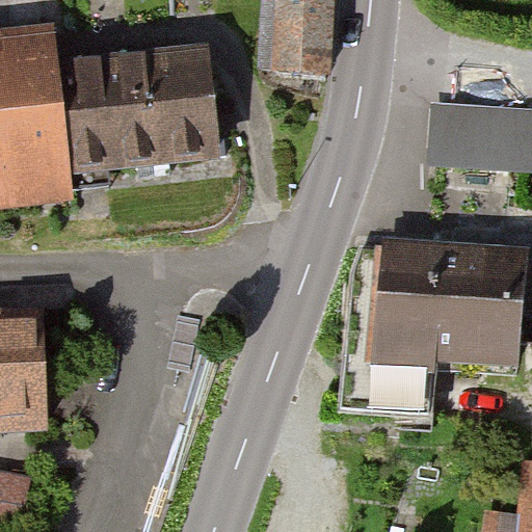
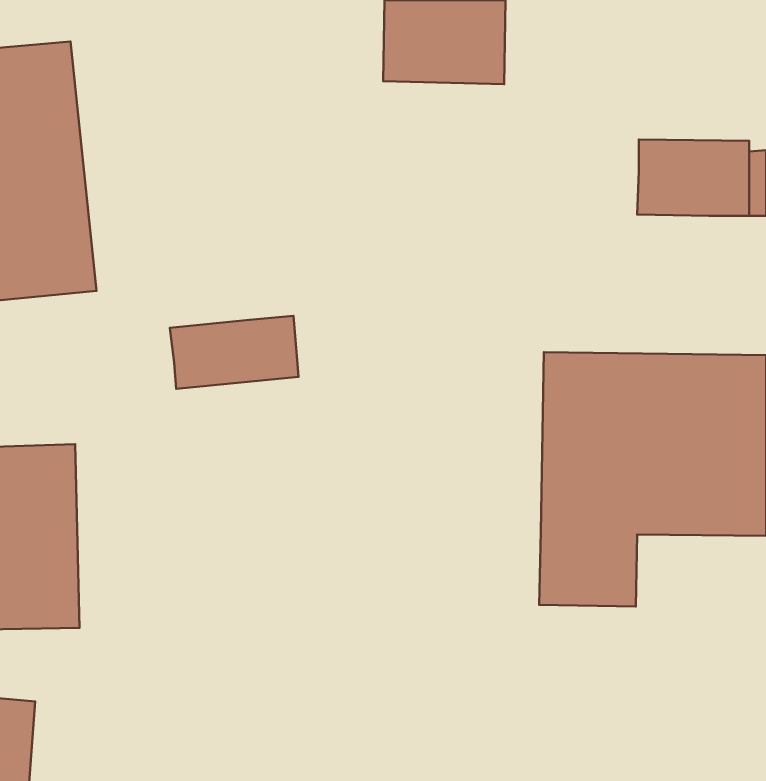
building: [78,55,220,174] -> none
building: none -> [170,316,298,389]

